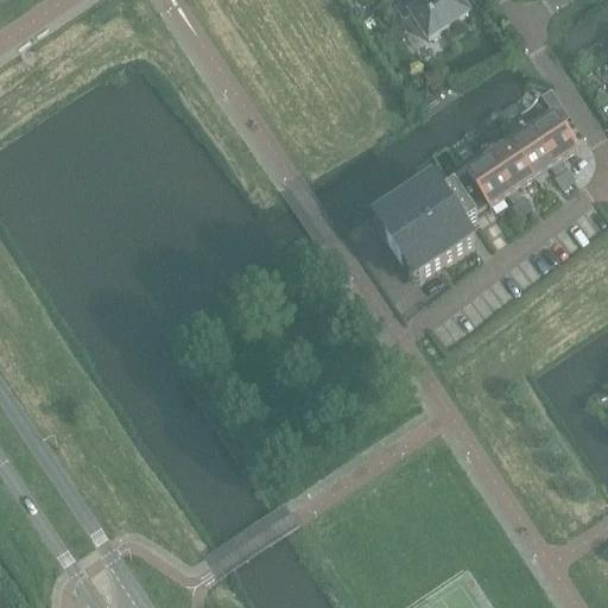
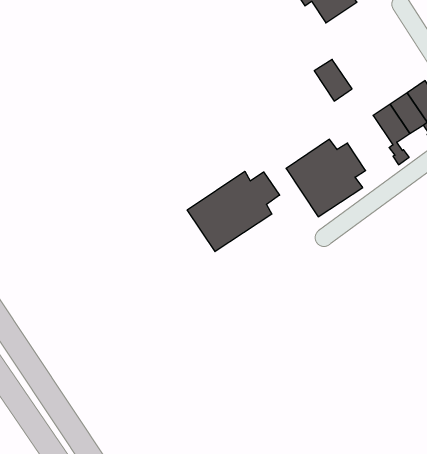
building: [462,146,509,198] -> [314,59,352,101]
building: none -> [187,171,280,252]

